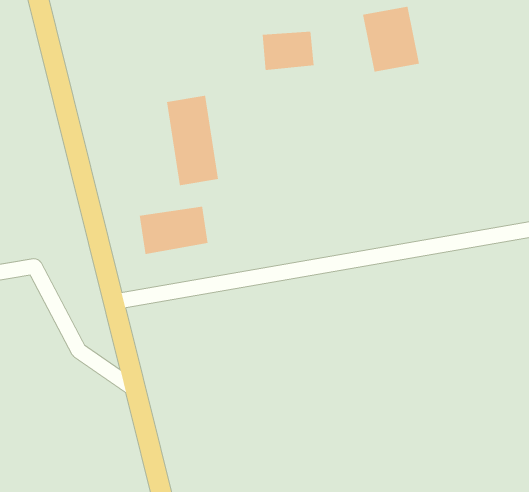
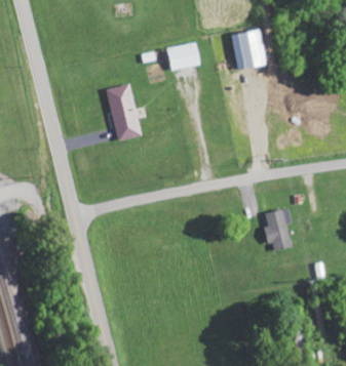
building: [139,206,208,255] -> none
building: none -> [264,208,293,251]

